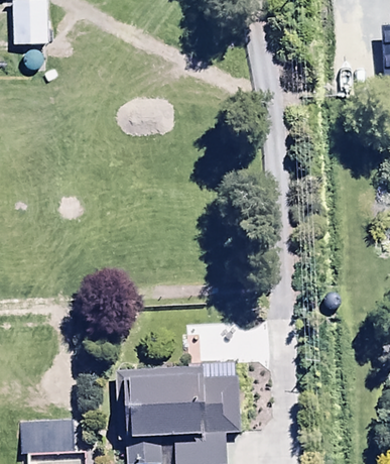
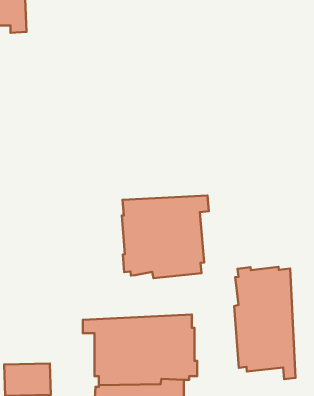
building: none -> [122,195,209,278]
building: none -> [234,267,296,379]

